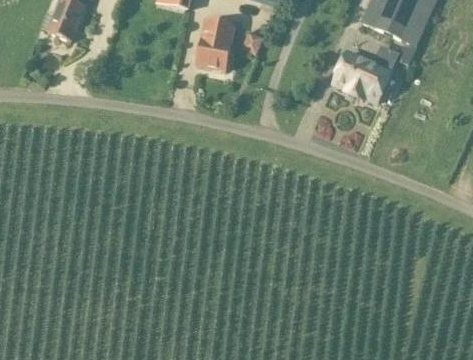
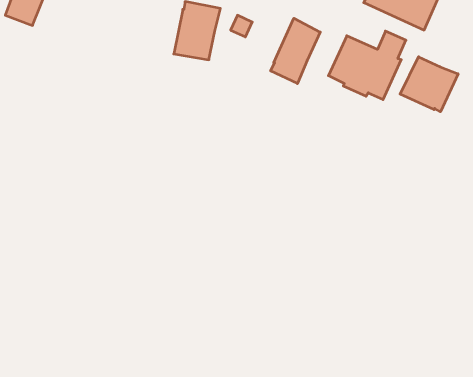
building: none -> [271,18,320,84]
building: none -> [400,57,458,112]

